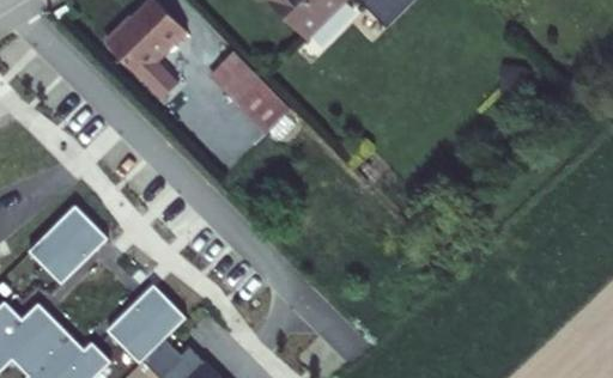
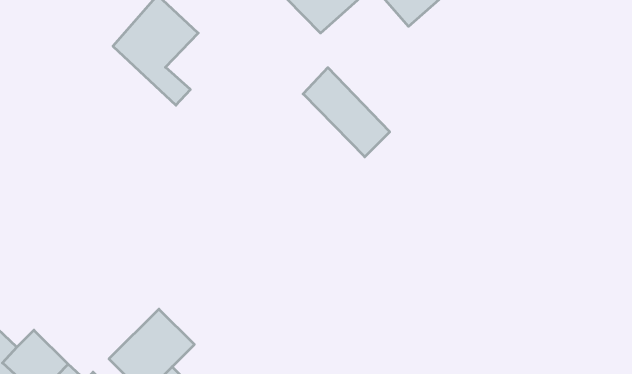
building: [211,51,290,133] -> [303,68,390,157]
building: [28,207,105,285] -> none

